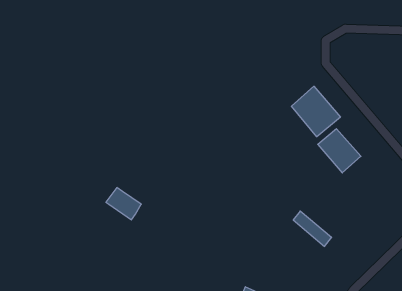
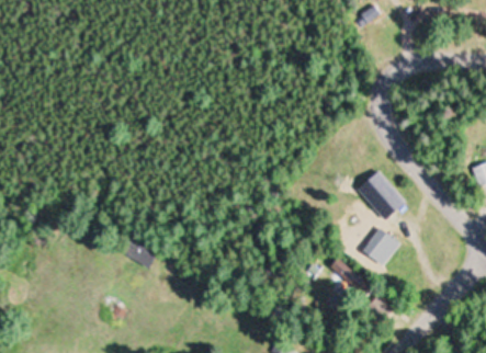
building: [291,86,340,137] -> none
building: none -> [368,229,397,265]

